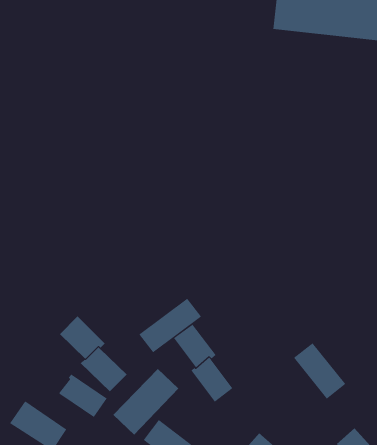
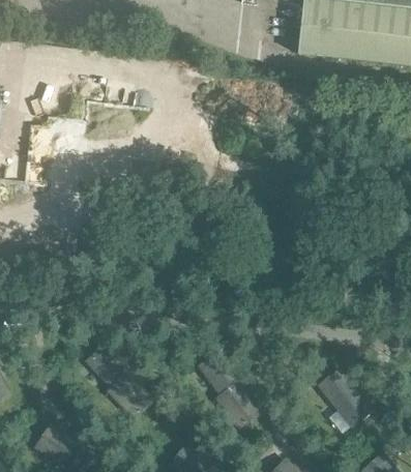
building: [139,298,202,353] -> none
building: [113,368,179,435] -> none
building: [58,374,108,418] -> none

